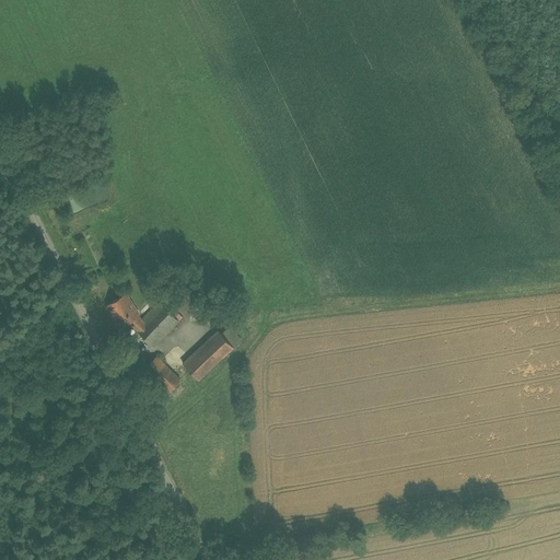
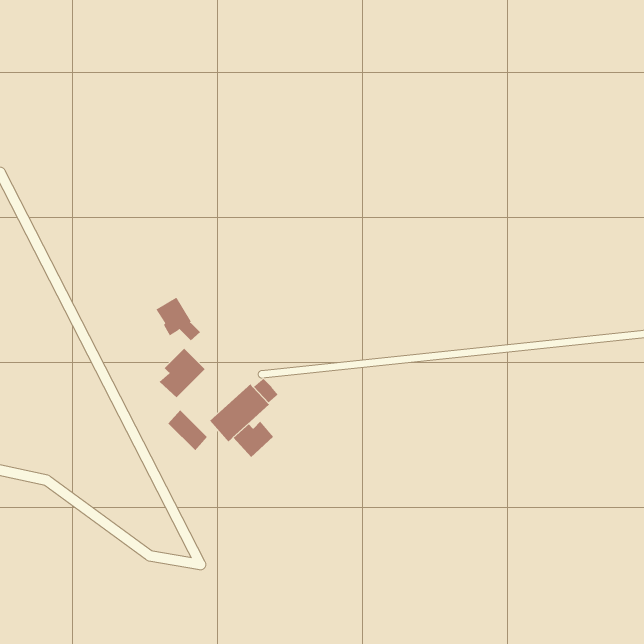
building: [107,293,147,331] -> [156,297,201,341]
building: none -> [233,421,274,458]

